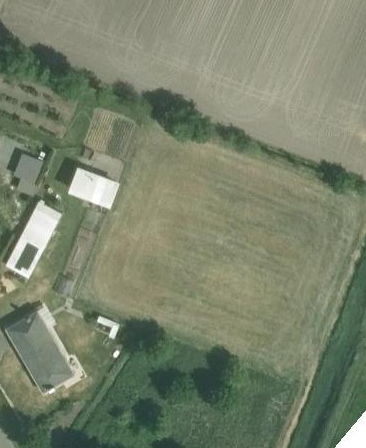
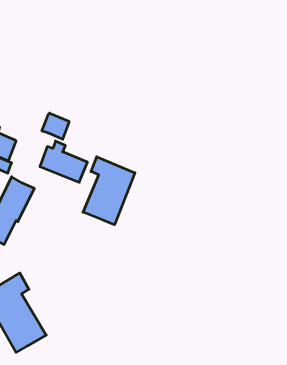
building: none -> [42,113,69,139]
building: none -> [83,157,135,225]

